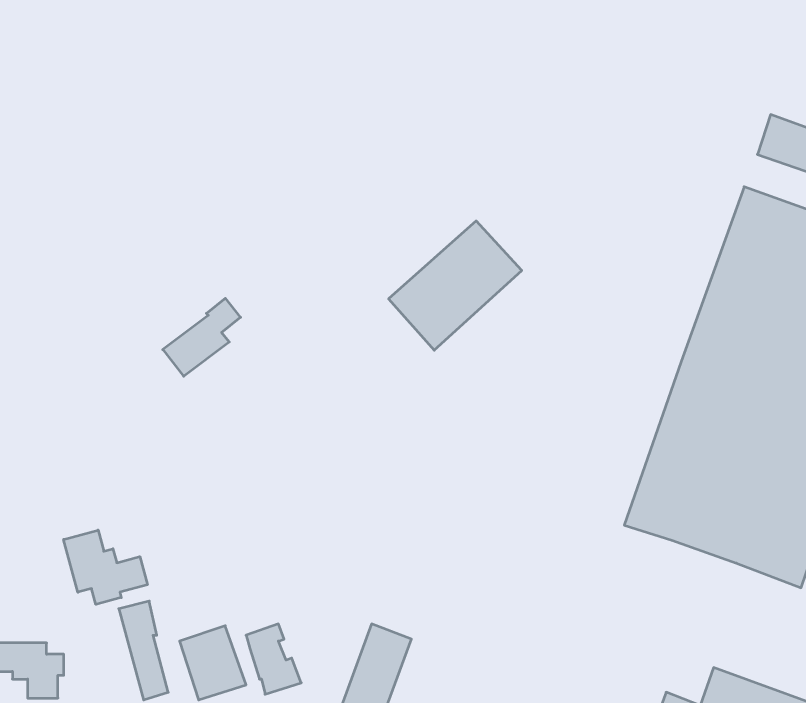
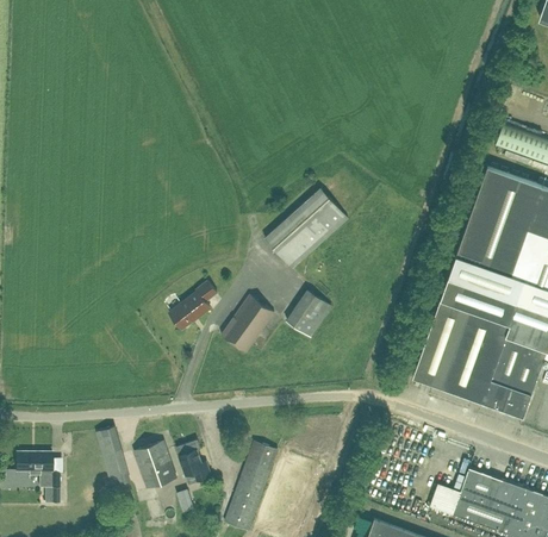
building: [163,298,241,376] -> [168,281,217,330]
building: none -> [285,291,331,338]
building: none -> [220,295,274,354]
building: [64,530,147,604] -> none

